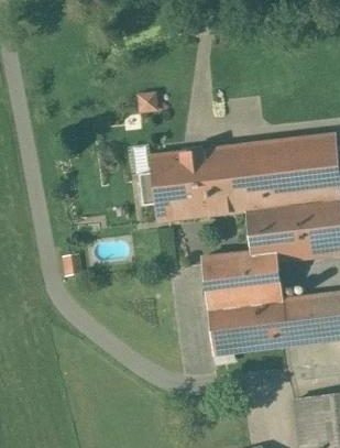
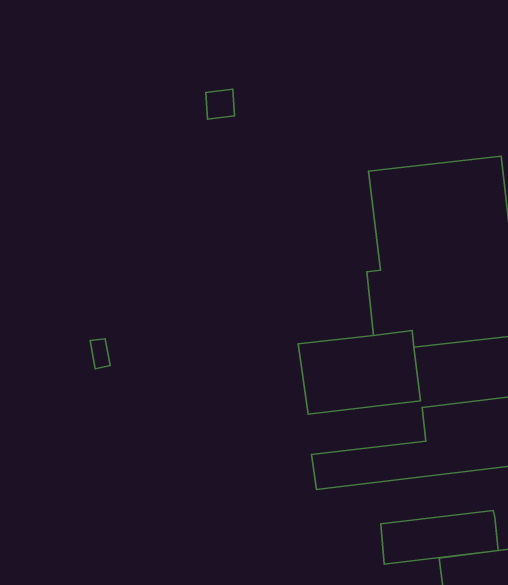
building: [139,145,255,221] -> none
building: [208,296,285,331] -> [381,510,498,564]

